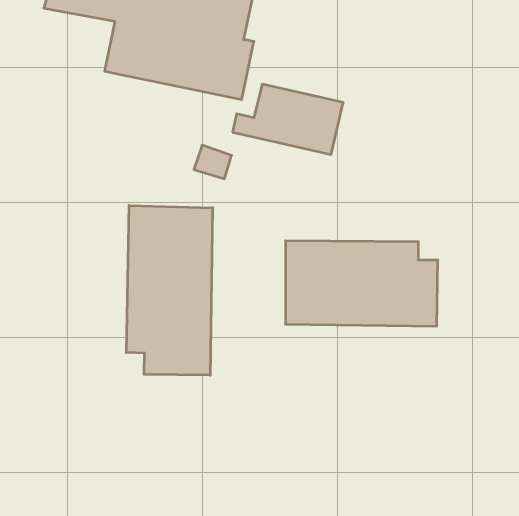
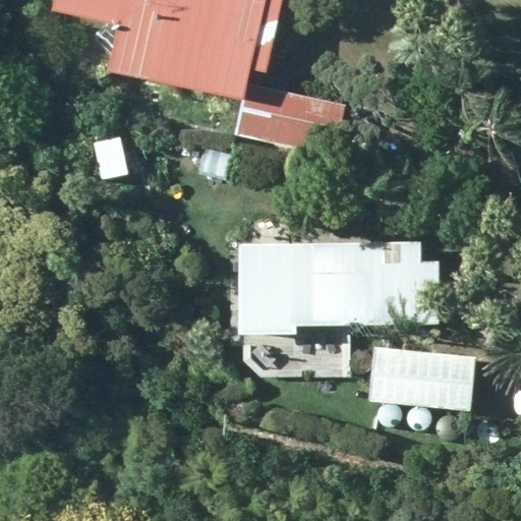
building: [126,205,213,375] -> none
building: none -> [367,345,473,427]

